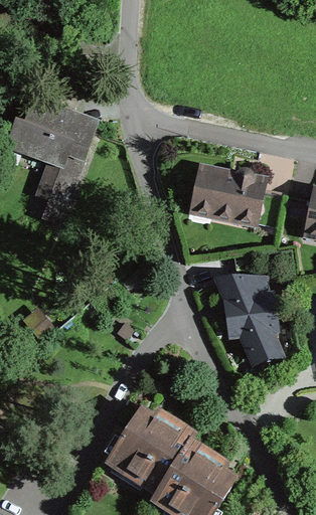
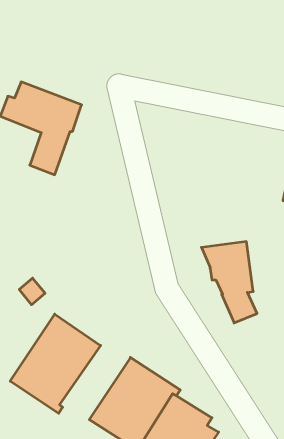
building: [190,168,264,223] -> none
building: none -> [10,314,101,413]

